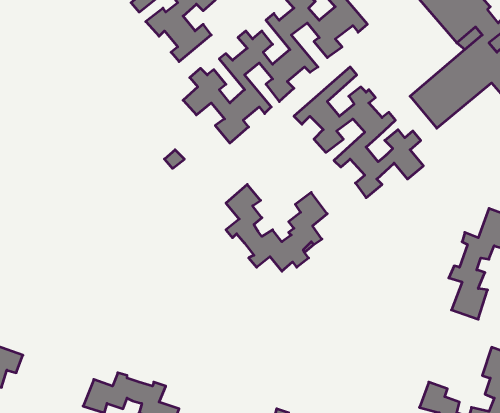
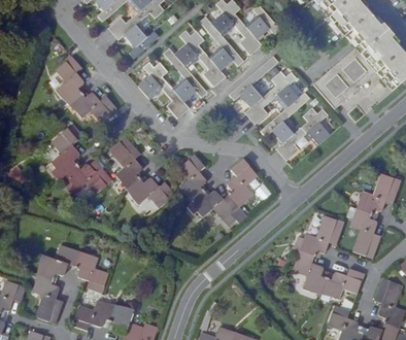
building: none -> [57,53,115,120]
building: none -> [53,126,111,191]
building: none -> [111,135,176,205]
building: none -> [295,216,362,299]
building: none -> [29,243,105,321]

